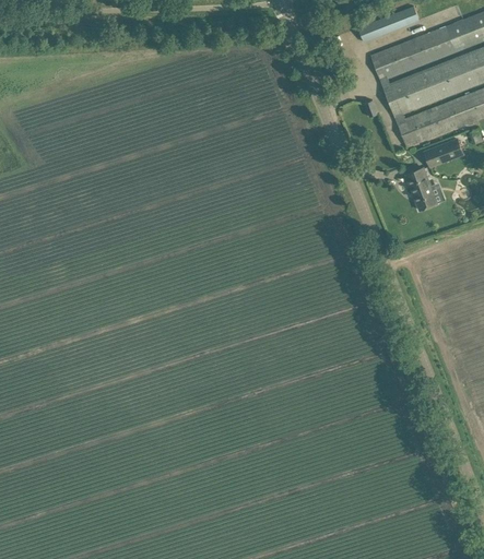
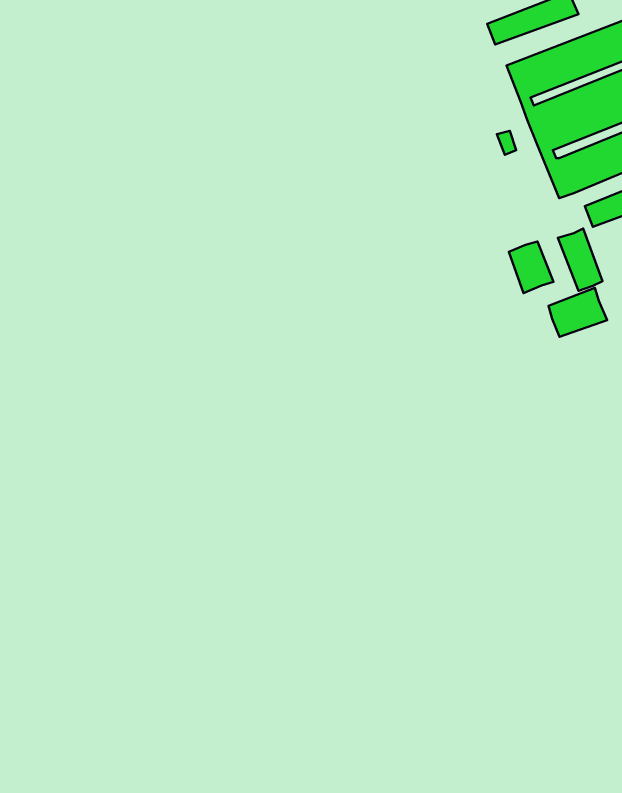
building: none -> [509,241,554,293]
building: none -> [548,288,607,337]

